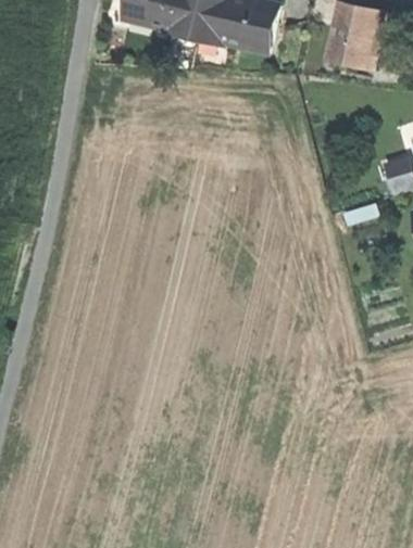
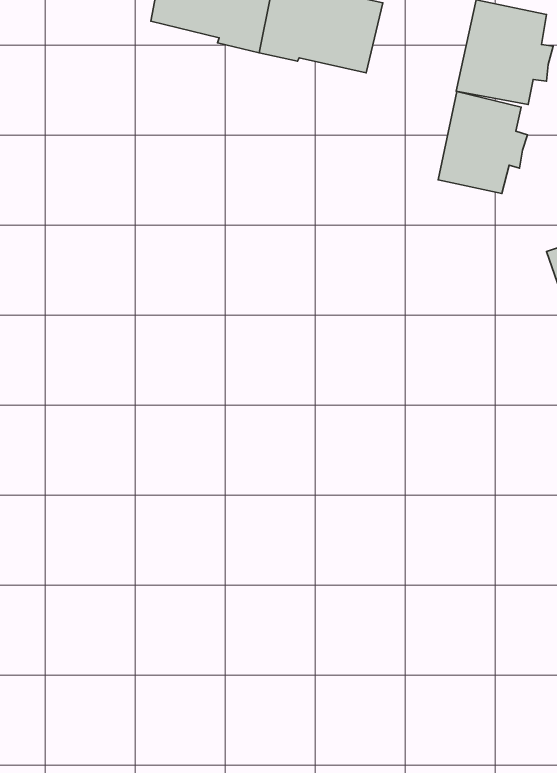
building: none -> [438,91,527,194]

